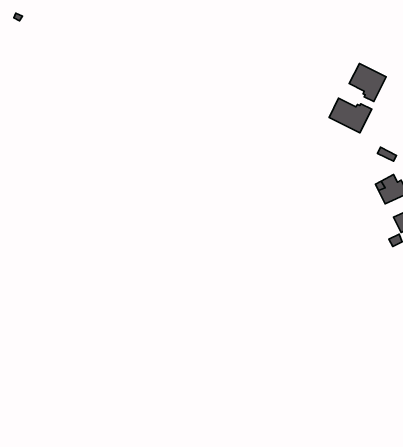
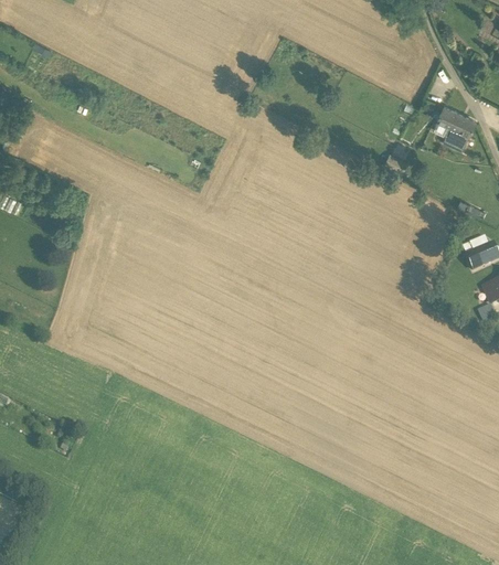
building: [329,98,372,133] -> none

